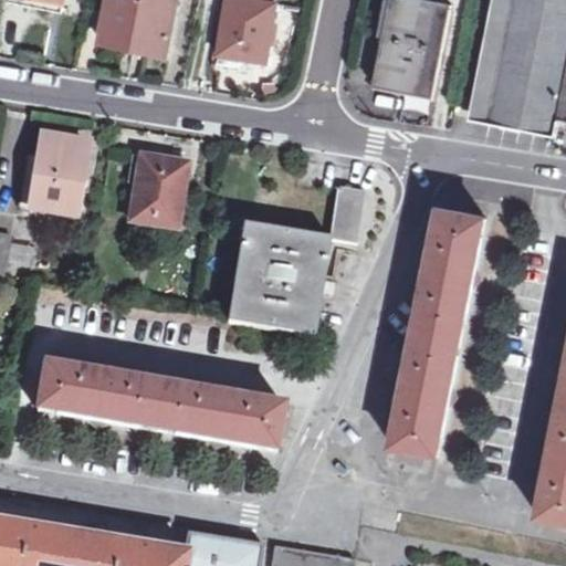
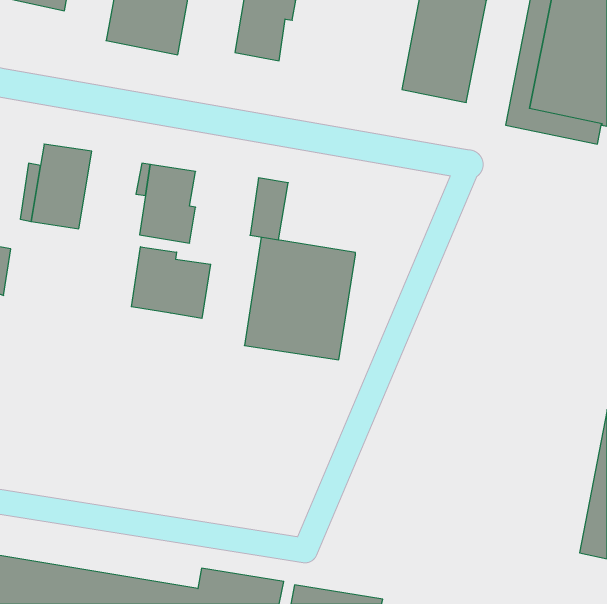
building: [329,184,365,241] -> [250,178,288,240]
building: [391,207,482,452] -> none
building: none -> [131,247,211,318]
building: [36,361,282,447] -> none

